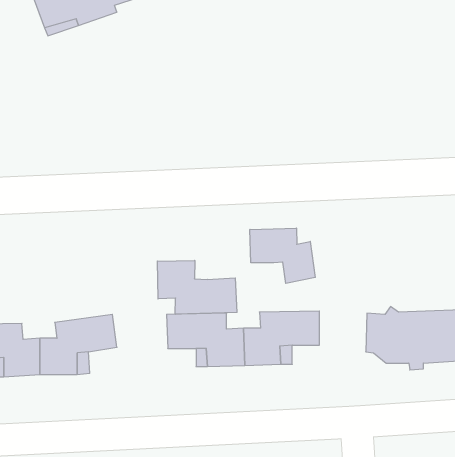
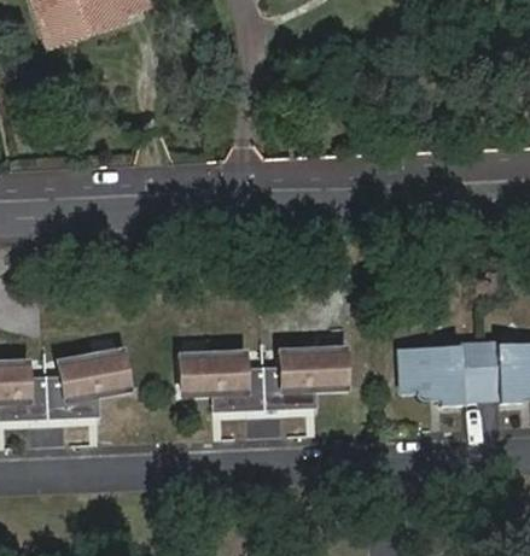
building: [250,228,315,283] -> none
building: [157,260,237,314] -> none

